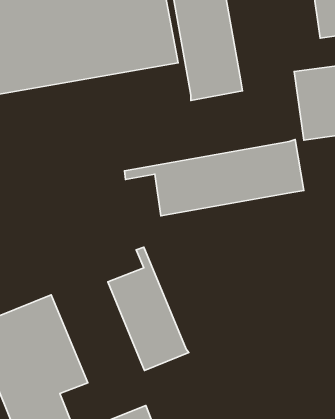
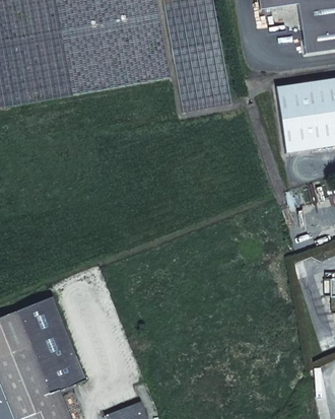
building: [125,139,304,216] -> none
building: [108,247,189,370] -> none

